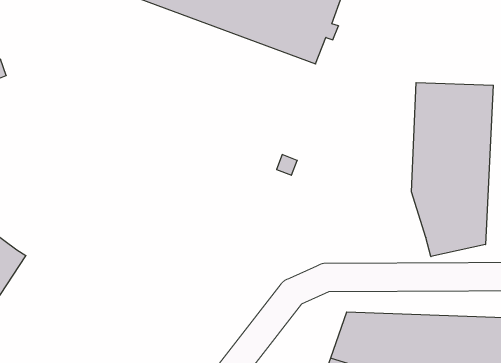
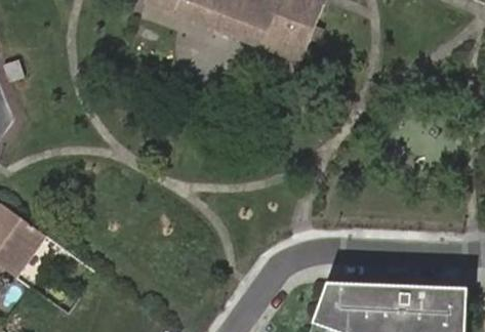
building: [411,83,493,257] -> none

